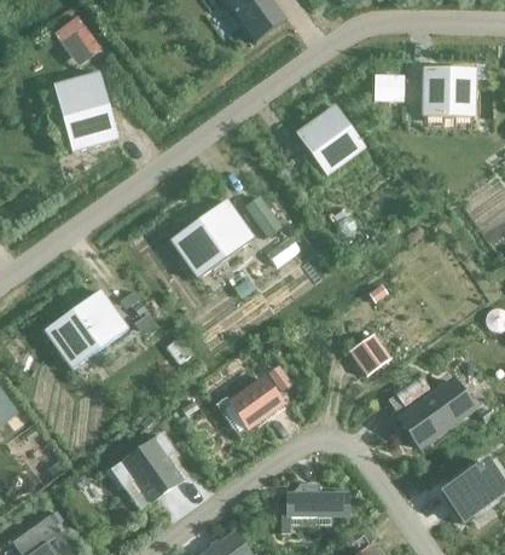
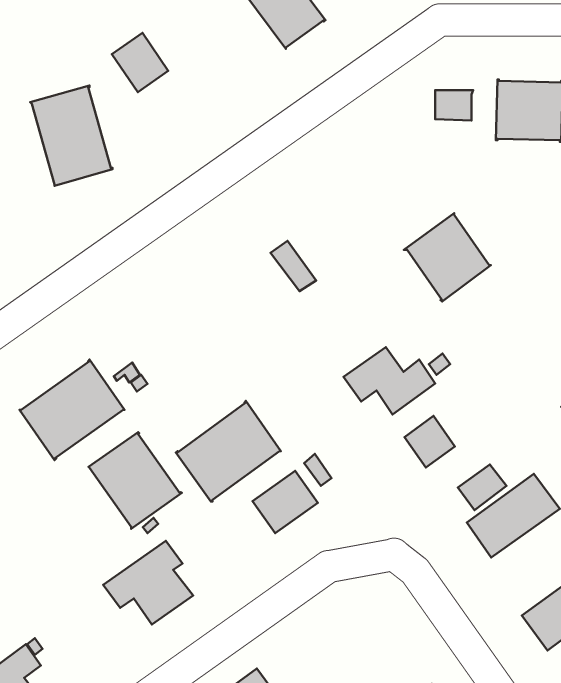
building: [53,18,98,65] -> [112,33,168,92]
building: [295,105,364,175] -> [404,213,491,302]
building: [169,198,252,278] -> [176,401,281,501]
building: none -> [344,347,435,415]
building: none -> [89,432,182,529]
building: [288,493,348,515] -> none

